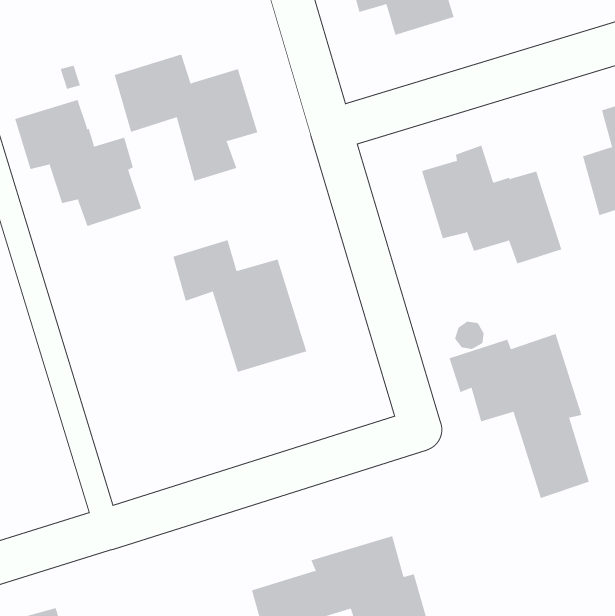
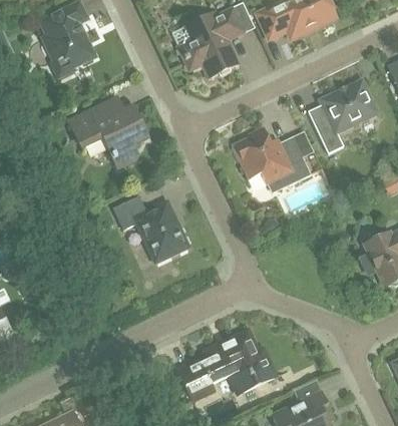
building: [14,99,142,227] -> none
building: [449,333,590,499] -> none

